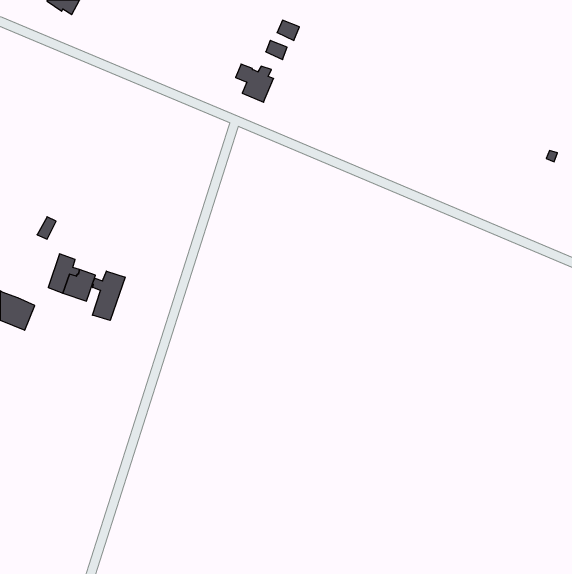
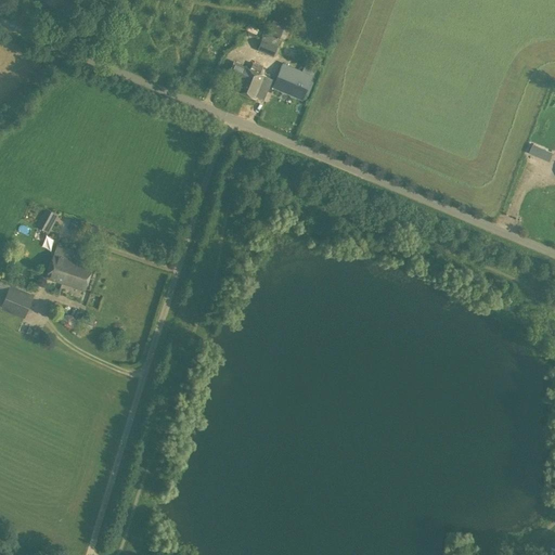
building: none -> [272,63,313,101]
building: [92,271,125,320] -> none

